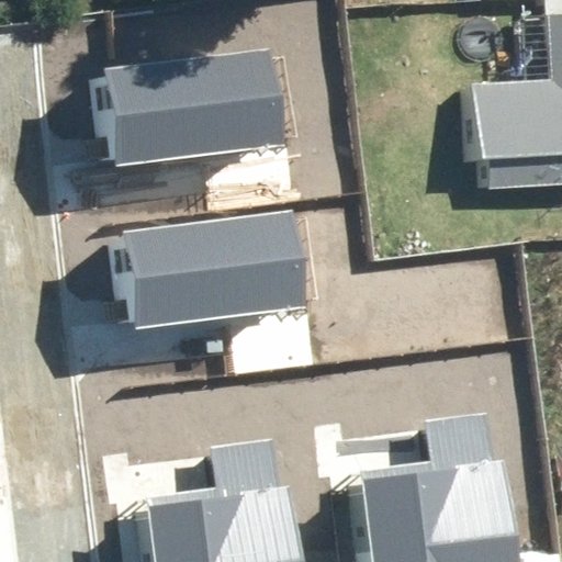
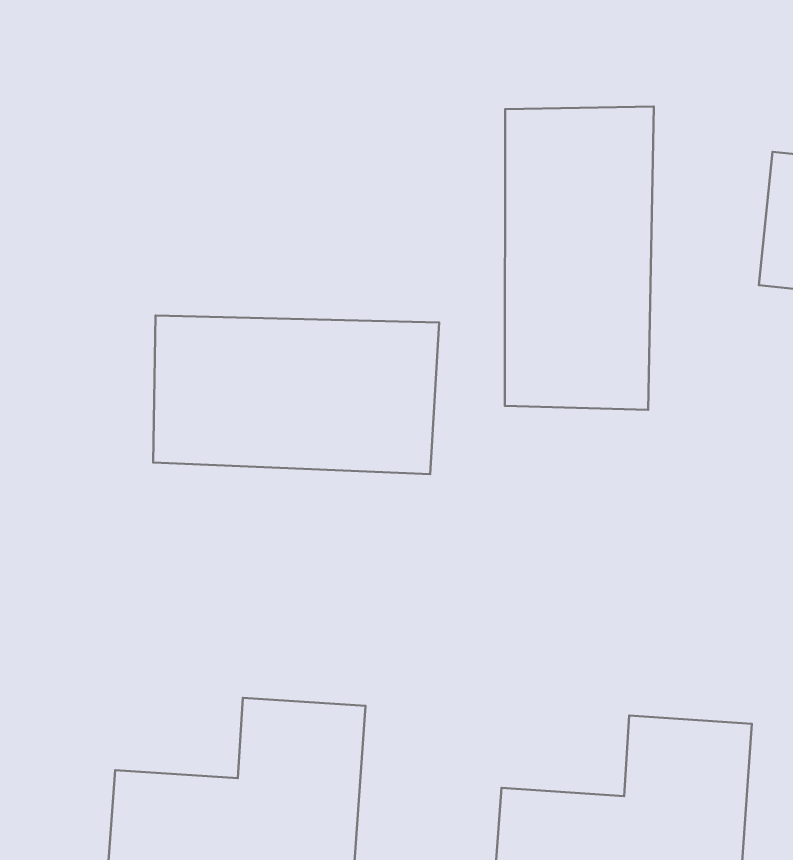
building: [109,53,279,158] -> none
building: none -> [505,106,654,410]

